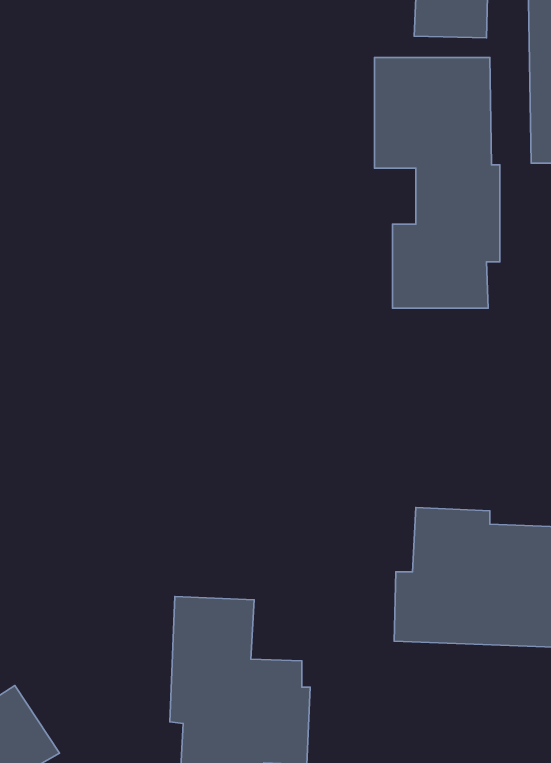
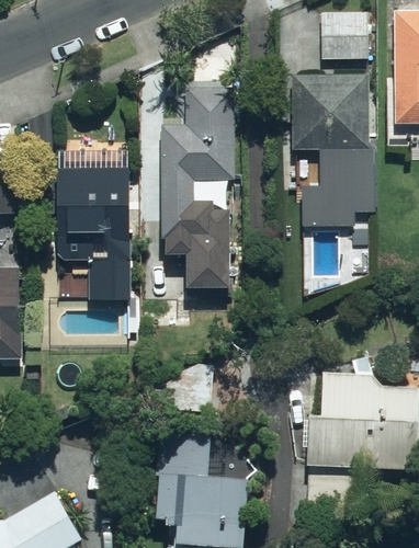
building: none -> [159,87,236,286]
building: none -> [58,146,132,301]

